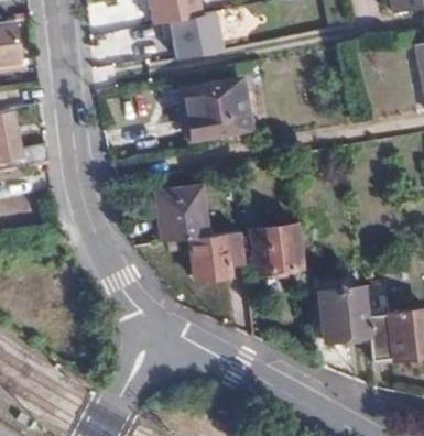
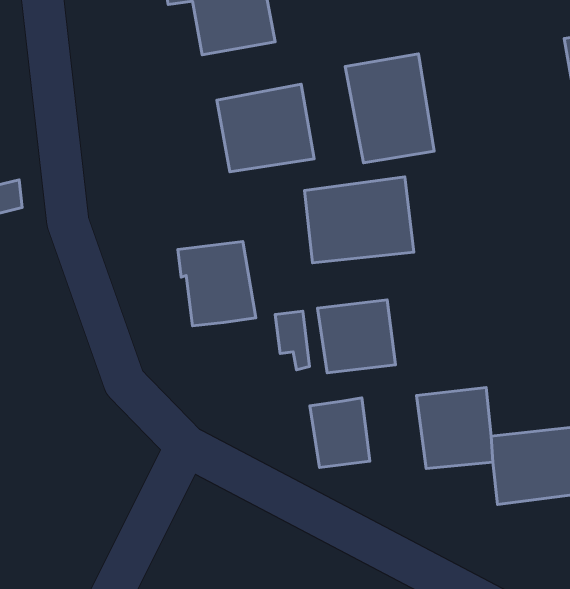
building: none -> [345,54,434,163]
building: none -> [305,177,414,263]
building: [187,233,228,281] -> [310,398,370,468]

